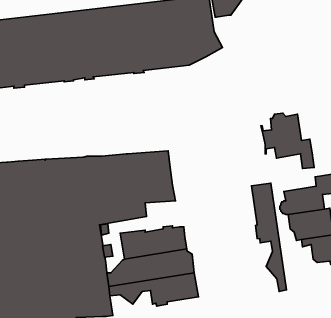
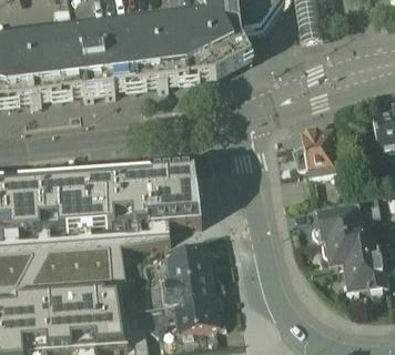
building: [252,183,287,292] -> none

